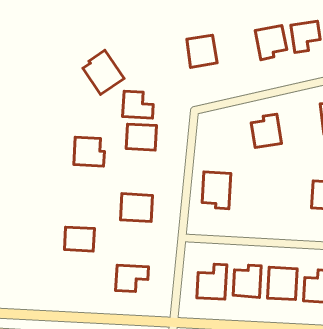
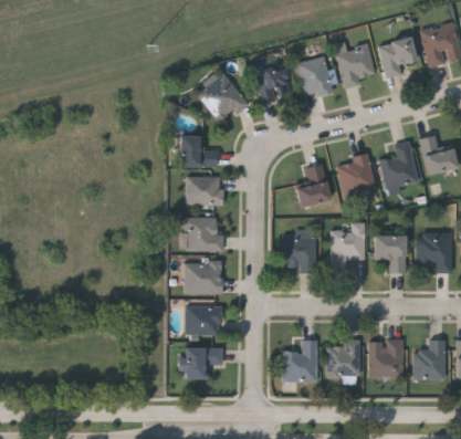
building: none -> [298,59,329,96]
building: [83,50,124,94] -> [197,71,248,125]
building: none -> [379,142,417,188]
building: none -> [294,164,329,208]
building: [74,137,104,166] -> [186,218,222,251]
building: none -> [331,222,364,272]
building: none -> [373,236,405,273]
building: [64,227,95,251] -> [186,306,221,334]

